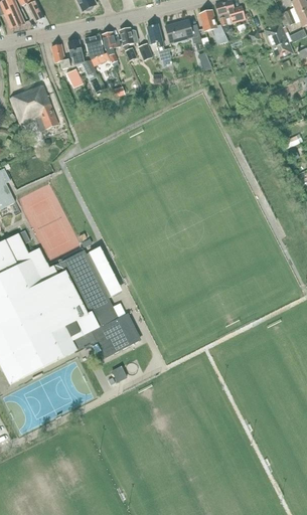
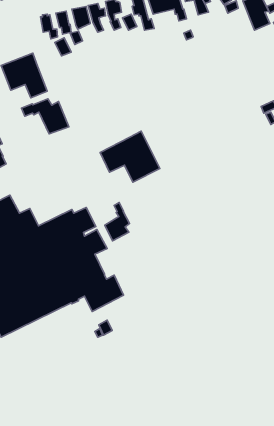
building: none -> [21,99,69,134]
building: none -> [100,131,160,182]
building: none -> [105,203,129,241]

